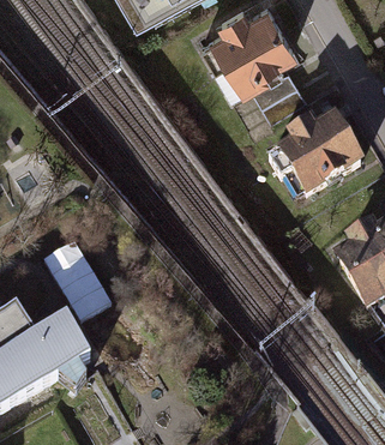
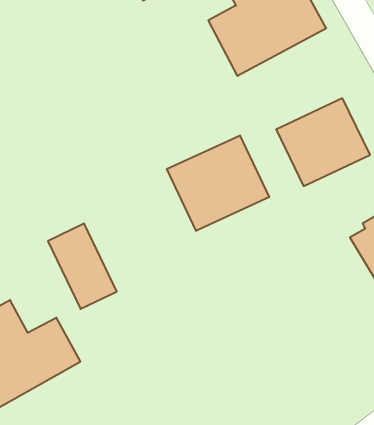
building: [259,68,308,115] -> none
building: none -> [167,135,269,231]

